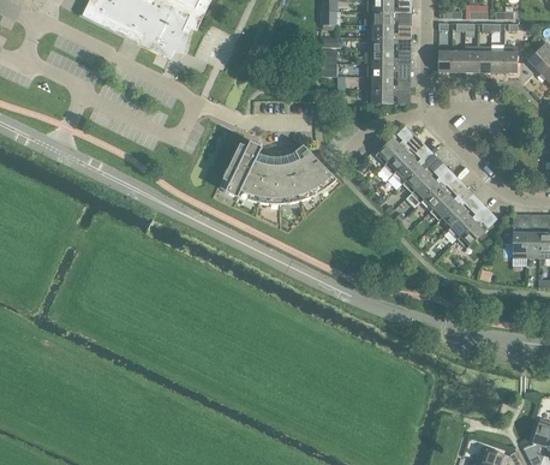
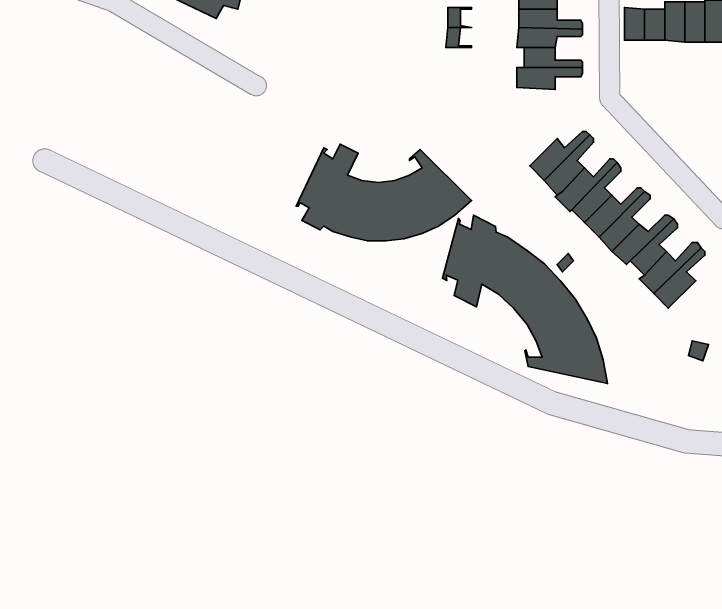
building: none -> [442,215,608,383]

